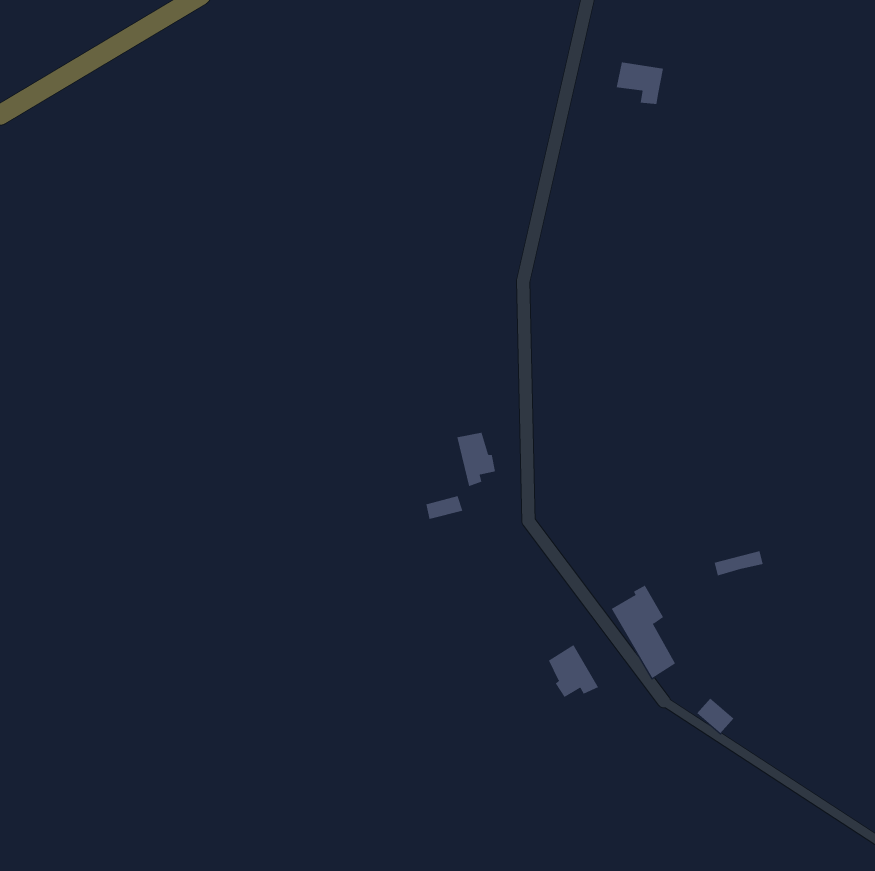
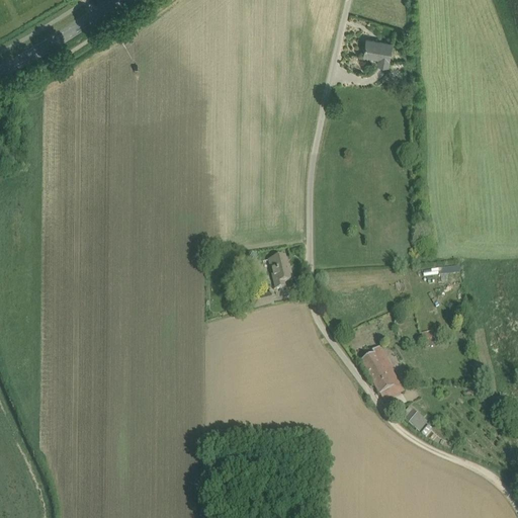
building: [548,644,599,698] -> none

